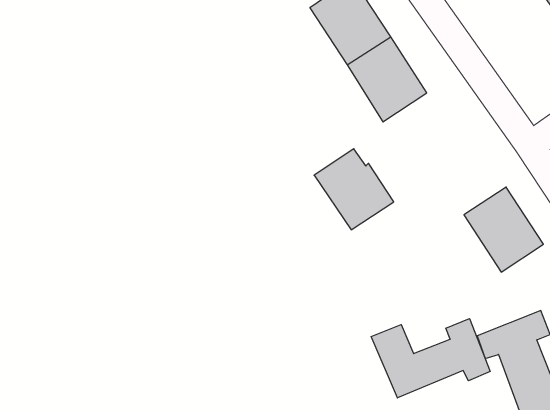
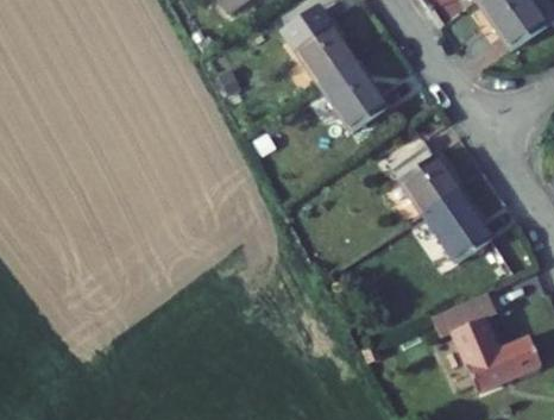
building: [314,149,394,230] -> [388,138,459,211]
building: [371,319,490,398] -> none

